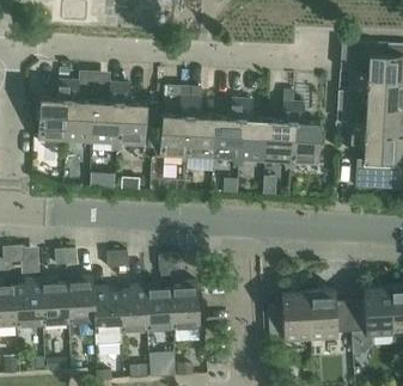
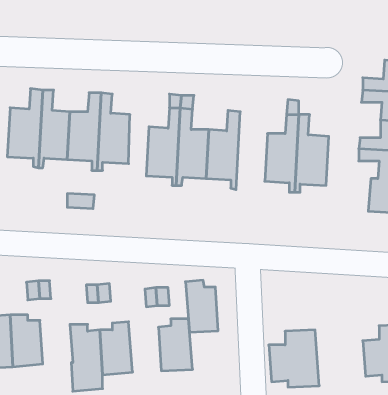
building: [239,99,267,167] -> none
building: [67,275,96,320] -> none
building: [145,282,173,327] -> [185,280,218,332]
building: [309,289,353,339] -> none

